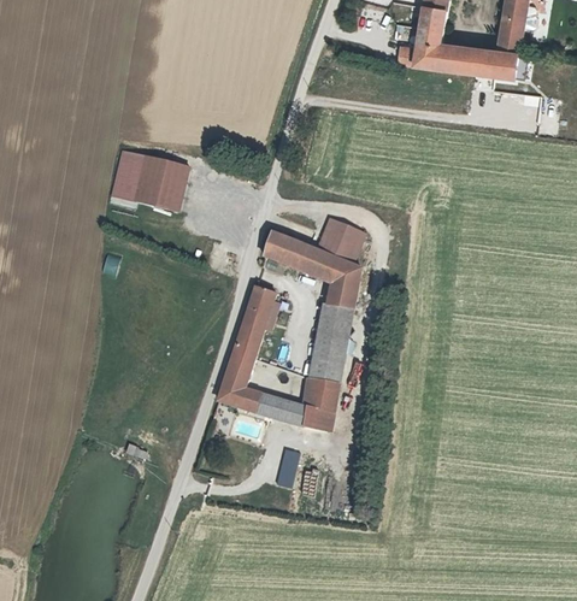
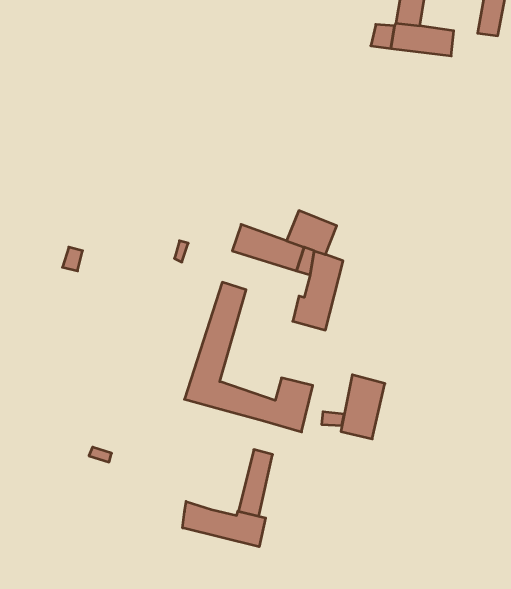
building: [471,47,516,76] -> none
building: [107,151,186,212] -> none
building: [308,325,351,387] -> [341,375,385,439]
building: none -> [183,501,266,547]

